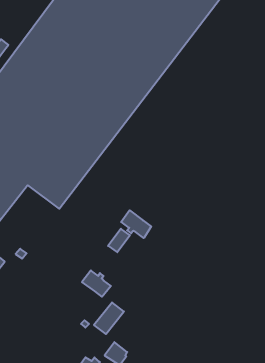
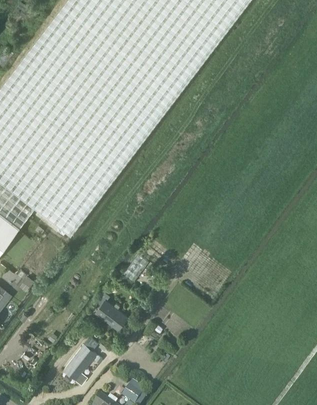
building: [121,210,151,238] -> none
building: [94,302,124,334] -> [64,345,97,380]

